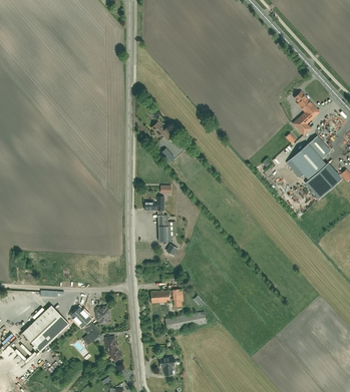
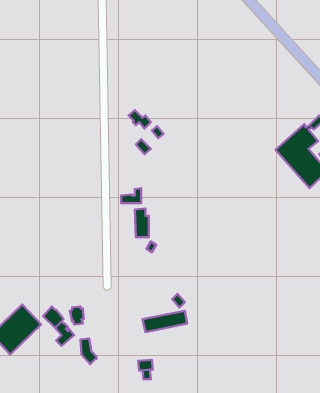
building: [293,91,319,135] -> none
building: [150,289,184,307] -> none

